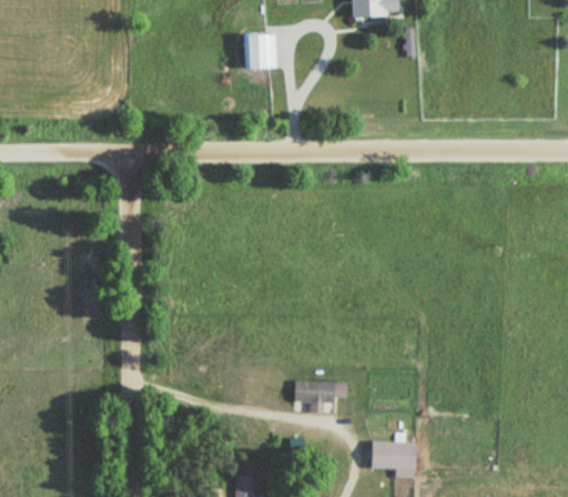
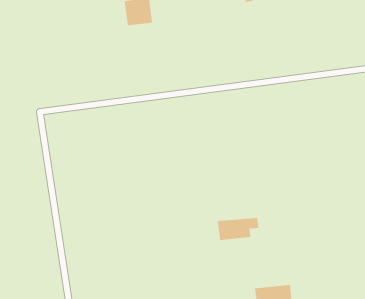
building: [293,381,348,408] -> [217,217,259,240]

